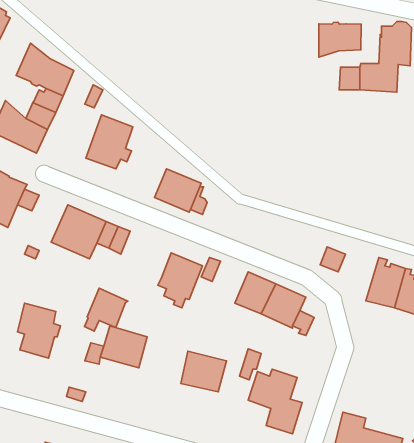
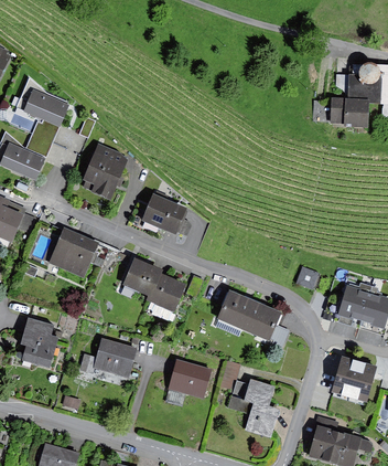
building: [319,22,361,57] -> none
building: [85,288,128,331] -> [121,258,161,298]
building: none -> [332,357,377,401]

